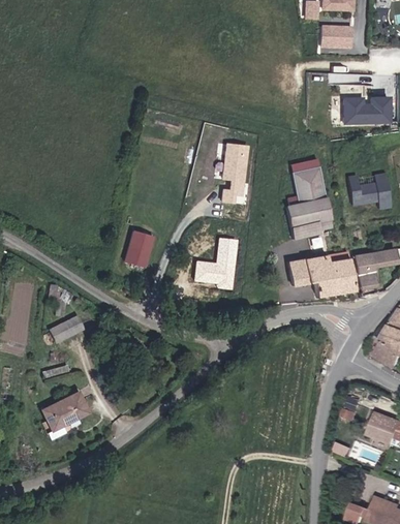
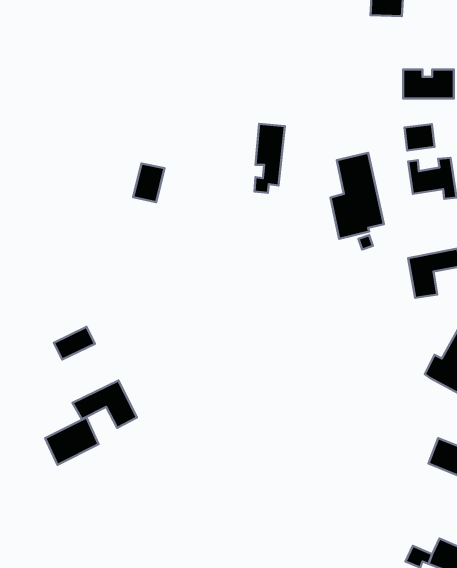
building: none -> [404,124,434,150]
building: [125,232,152,265] -> [133,163,164,202]
building: [193,237,237,287] -> none
building: [287,252,352,297] -> none
building: none -> [73,381,137,428]

